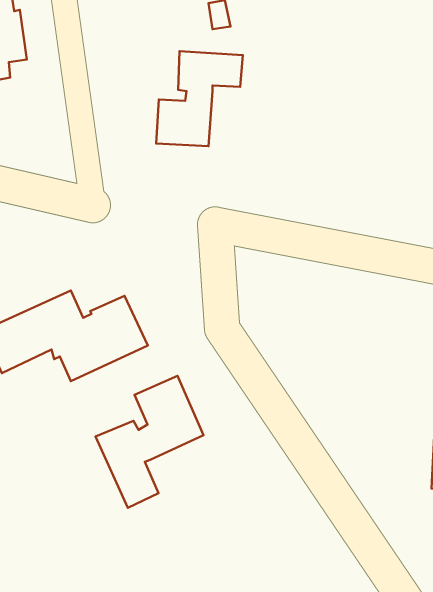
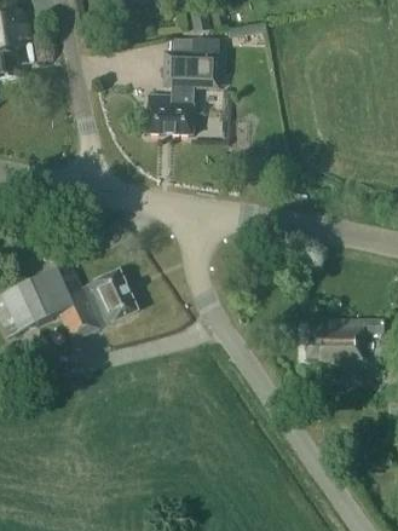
building: none -> [306,314,383,362]
building: [95,376,204,508] -> none

